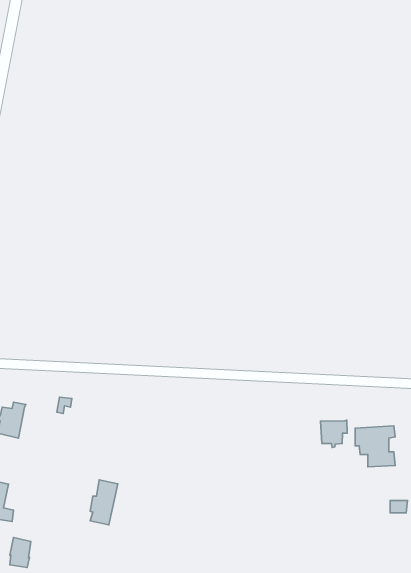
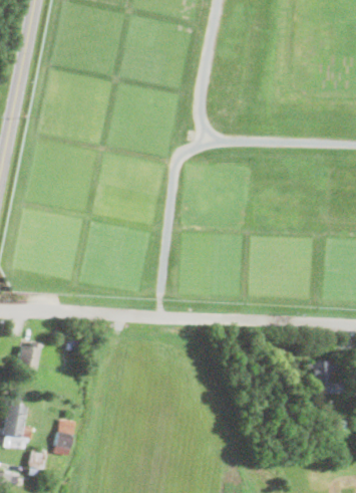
building: [321,420,347,447] -> none
building: [90,480,118,525] -> [54,418,76,454]

